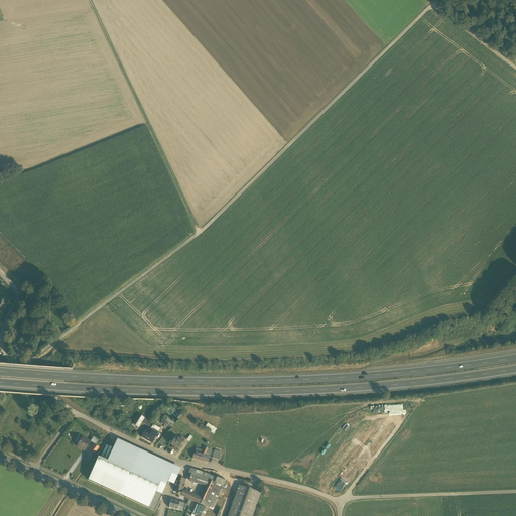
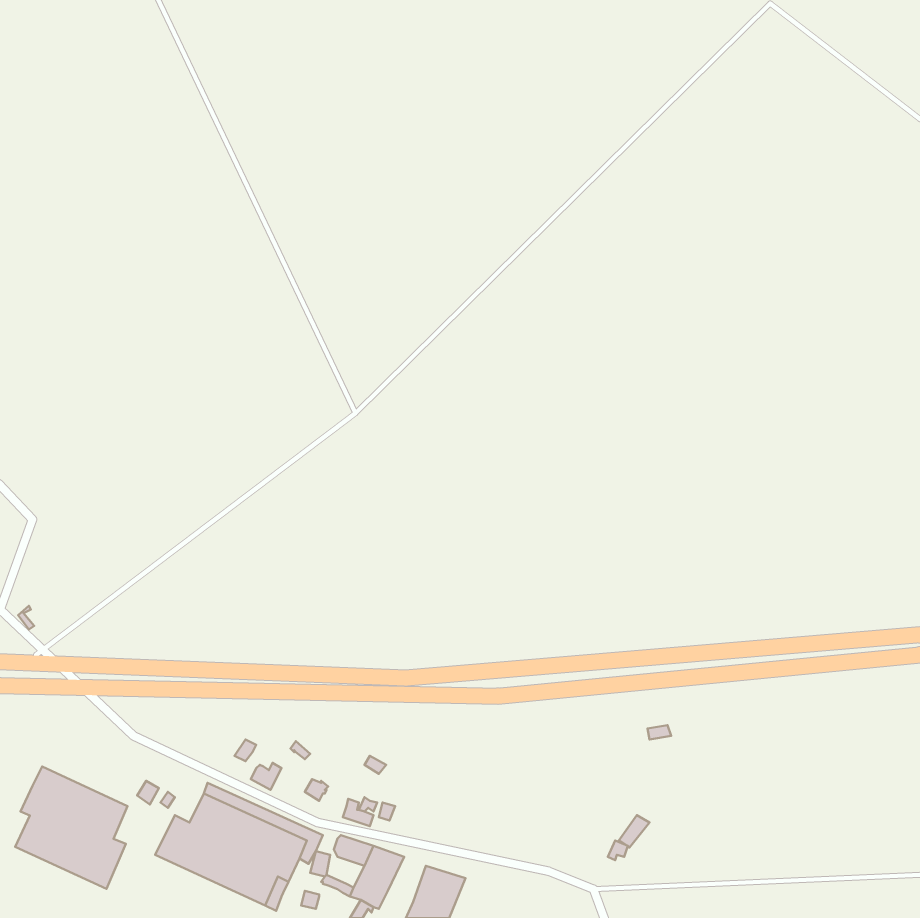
building: none -> [15,767,127,889]

